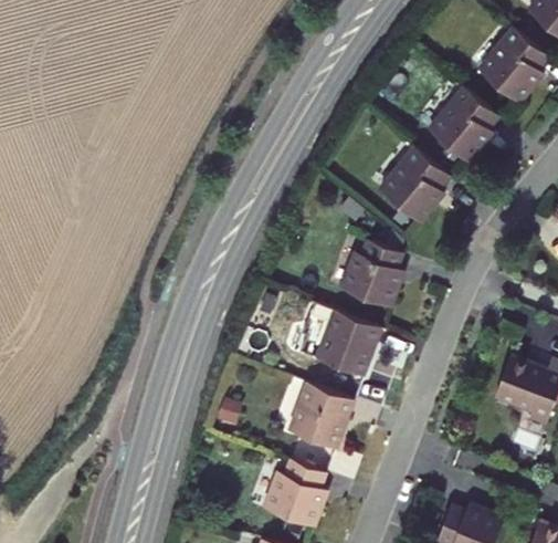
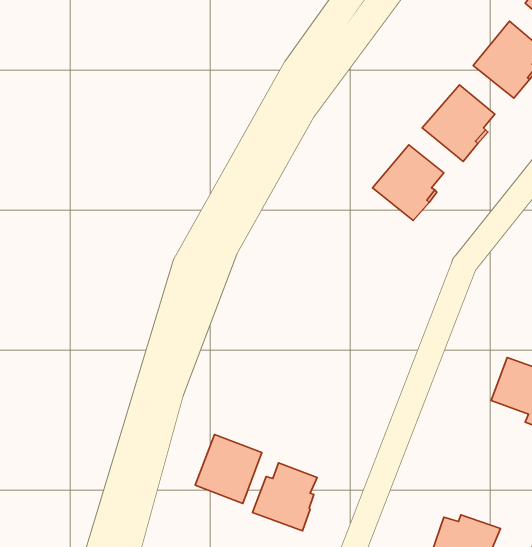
building: [340,240,401,306] -> none
building: [313,310,377,376] -> none
building: [286,383,351,450] -> [195,434,262,503]

